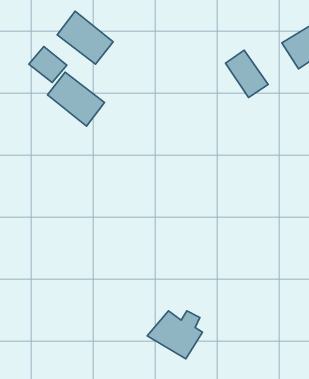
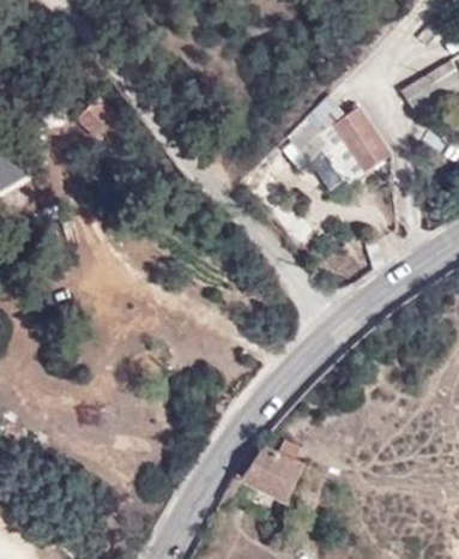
building: [57,11,113,64] -> none
building: [47,72,105,126] -> none

